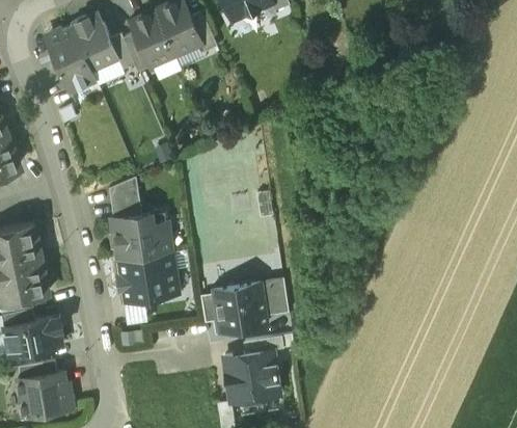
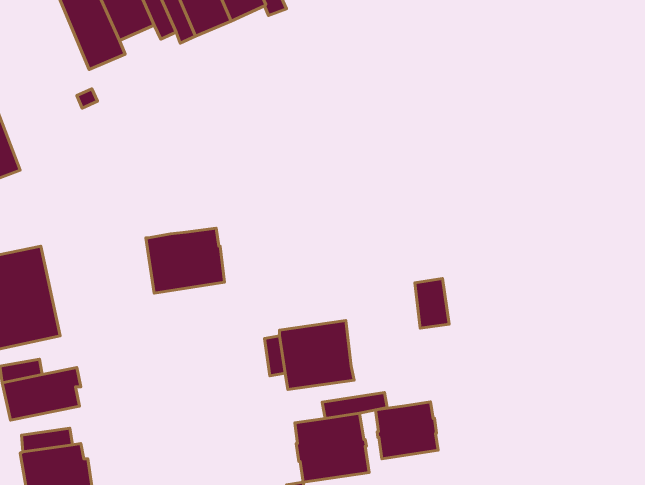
building: [109,178,141,219] -> none
building: [117,252,176,301] -> none
building: [262,278,288,316] -> [415,279,449,328]
building: none -> [375,402,438,459]

